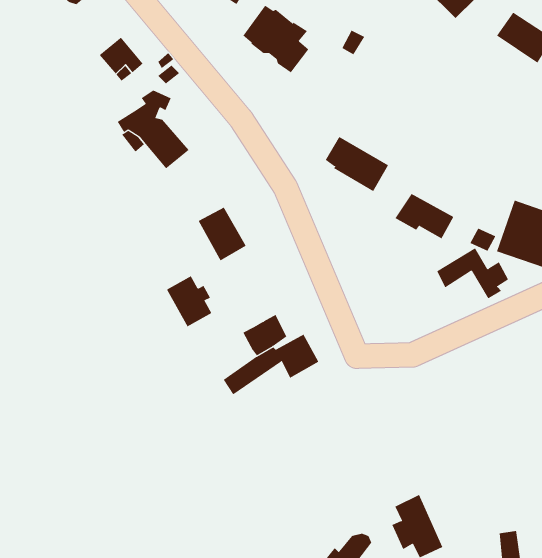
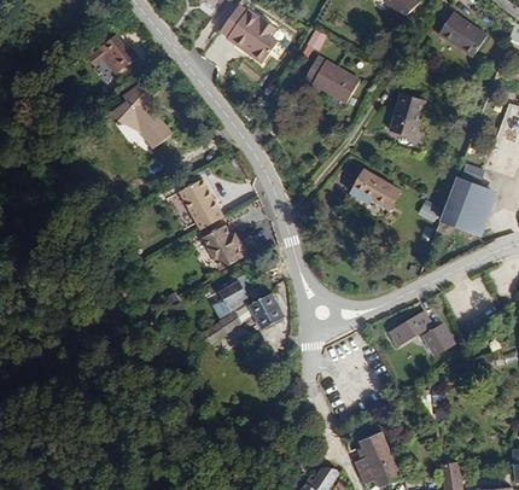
building: none -> [390,93,426,138]
building: [325,136,389,192] -> [305,56,361,104]
building: [436,248,509,299] -> [389,311,451,356]
building: [166,276,212,327] -> [202,224,241,269]

